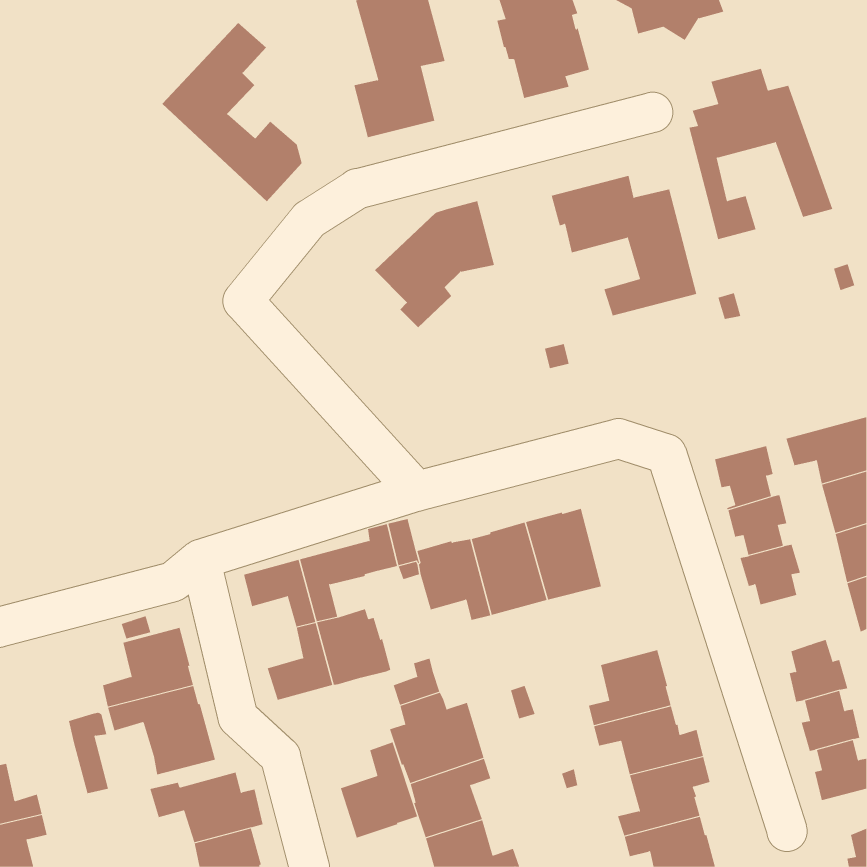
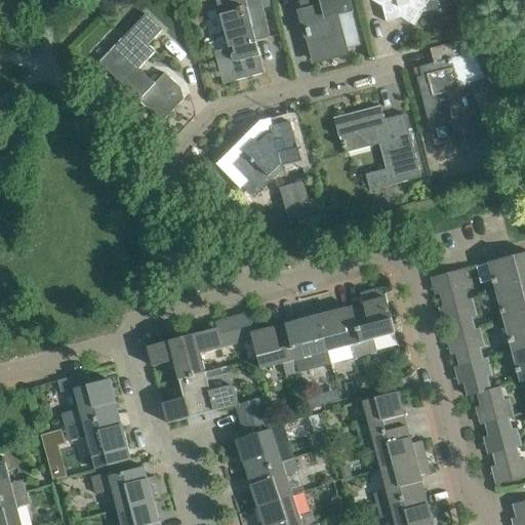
building: none -> [279,180,314,224]
building: none -> [351,287,394,354]
building: none -> [454,358,490,396]
building: [340,742,418,838] -> none

